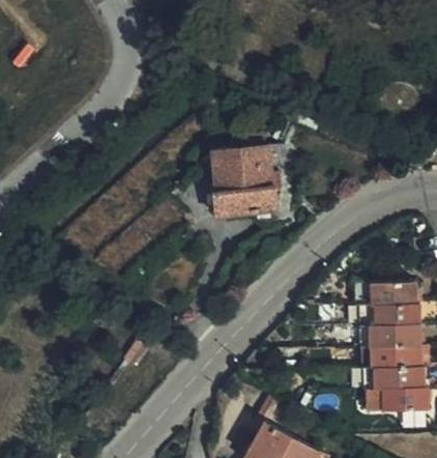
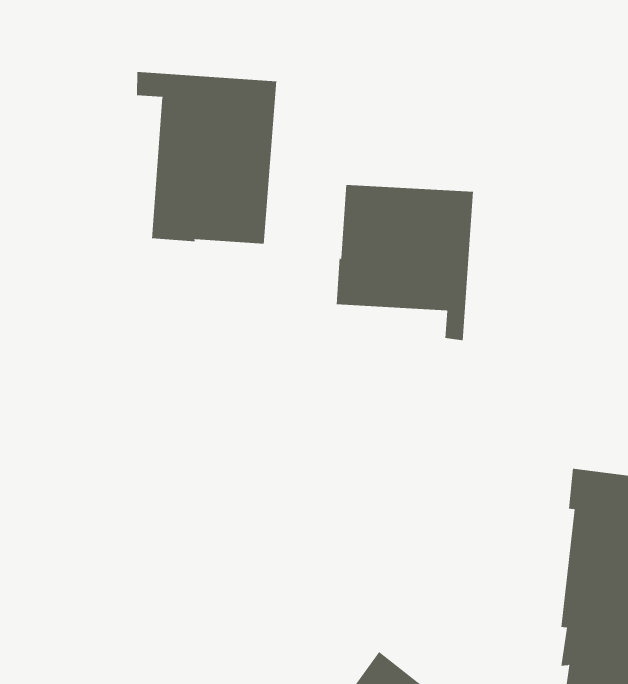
building: none -> [137,71,277,244]

